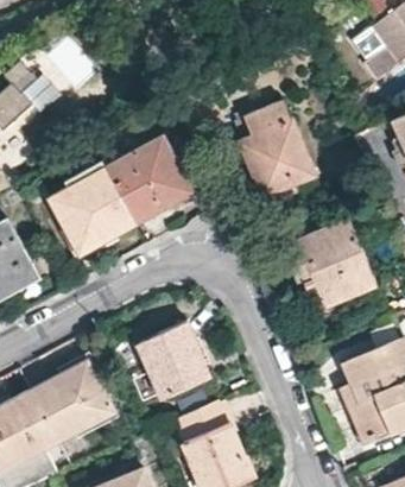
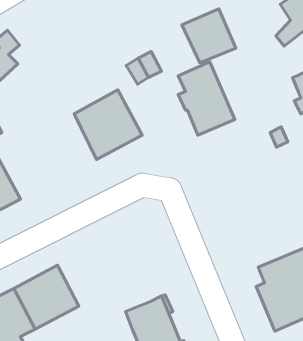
building: none -> [182,9,236,63]
building: [49,166,137,248] -> none
building: [280,216,375,318] -> none
building: [139,322,209,398] -> none

